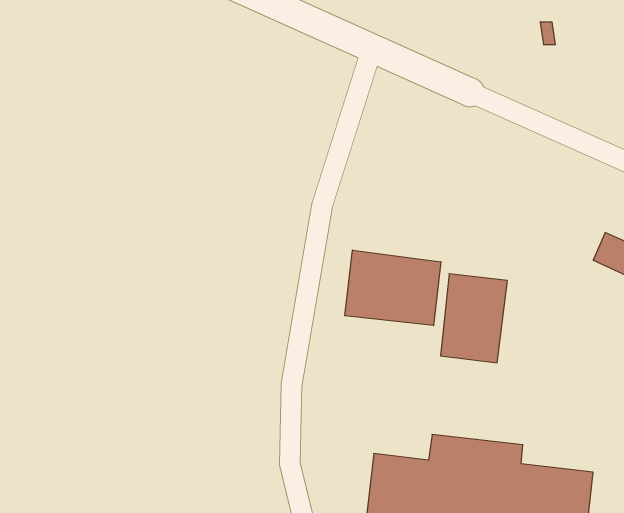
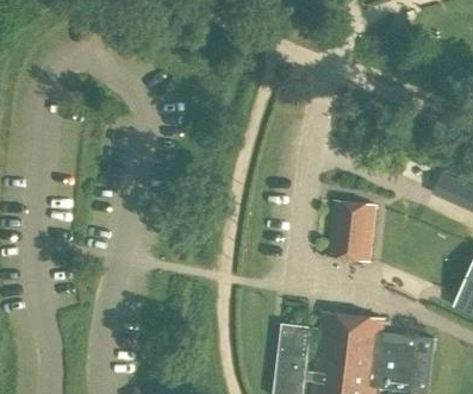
building: [345,250,441,326] -> none

